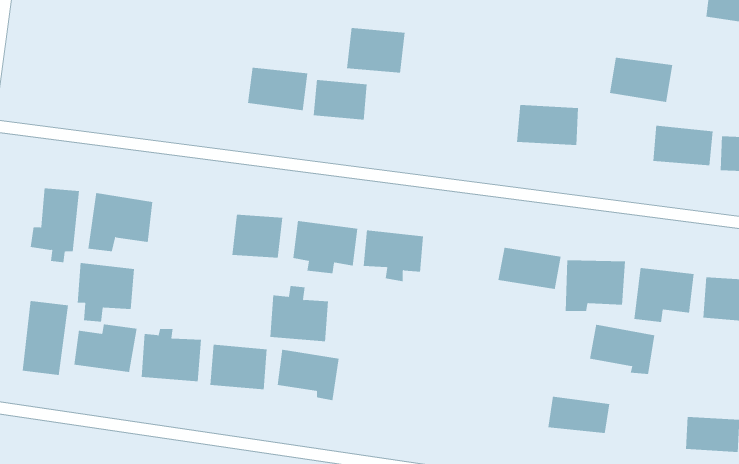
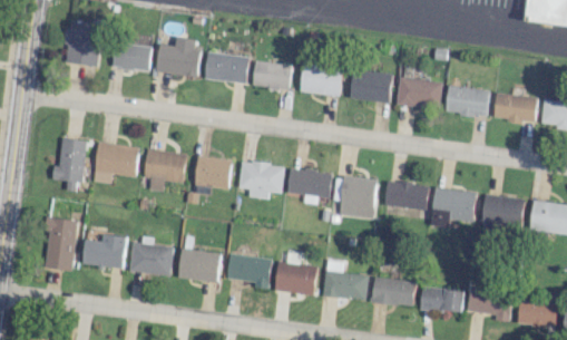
building: none -> [66,21,104,67]
building: [346,28,406,73] -> [301,64,343,96]
building: none -> [157,37,202,78]
building: none -> [114,43,153,70]
building: [609,57,673,103] -> [446,86,491,118]
building: none -> [351,70,393,104]
building: none -> [334,176,378,220]
building: [77,263,135,322] -> [145,149,186,192]
building: [269,286,329,342] -> [275,255,317,295]
building: [589,324,655,374] -> [467,286,514,322]
building: none -> [324,261,368,300]
building: none -> [371,278,416,308]

